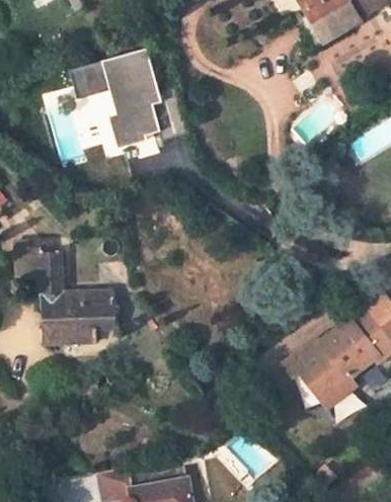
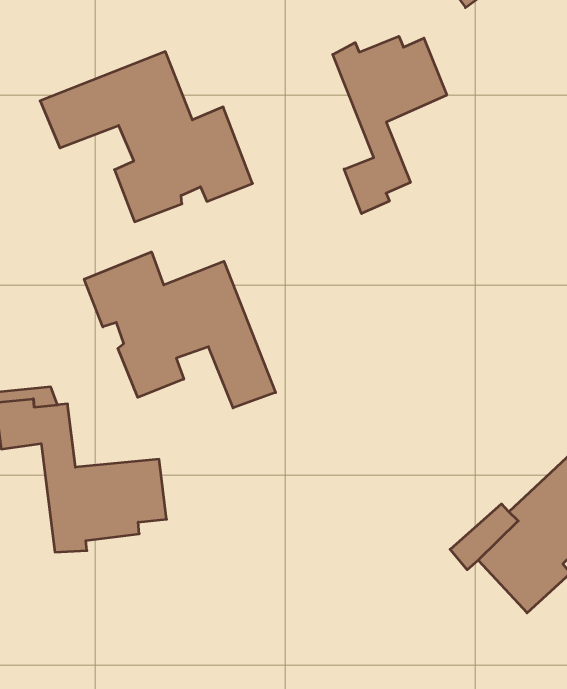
building: none -> [333,36,447,214]
building: none -> [84,252,276,408]

